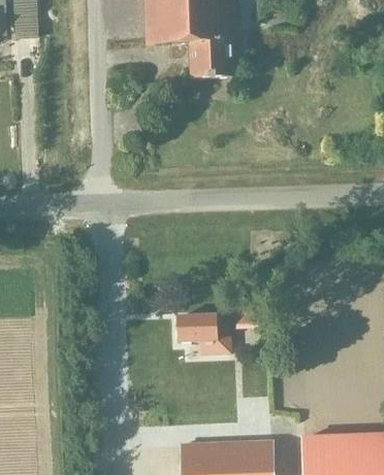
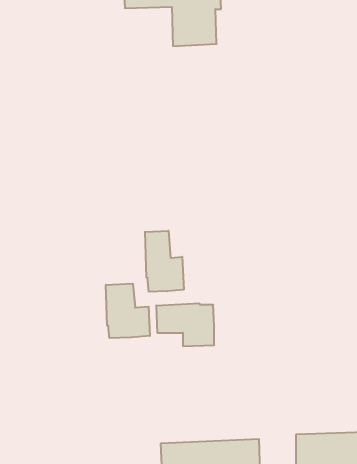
building: none -> [145,231,184,292]
building: none -> [106,284,150,338]

